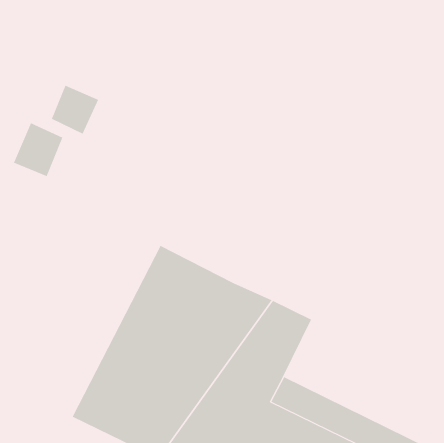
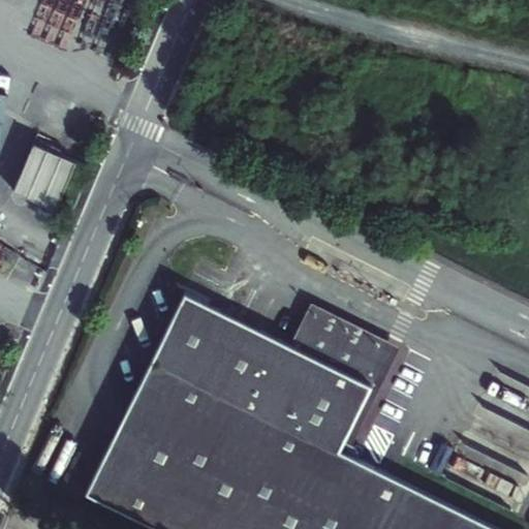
building: [51,85,99,135] -> none
building: none -> [276,309,381,382]

